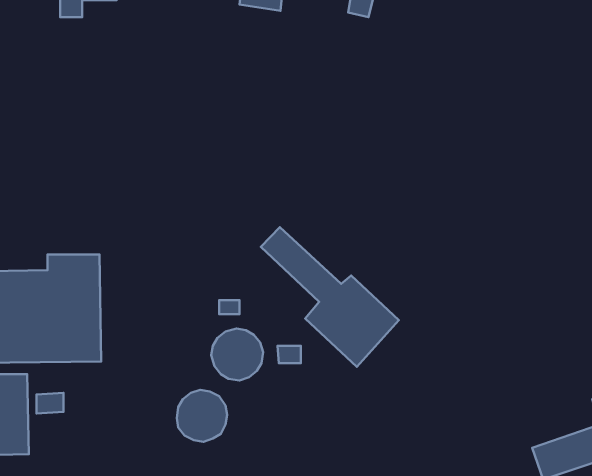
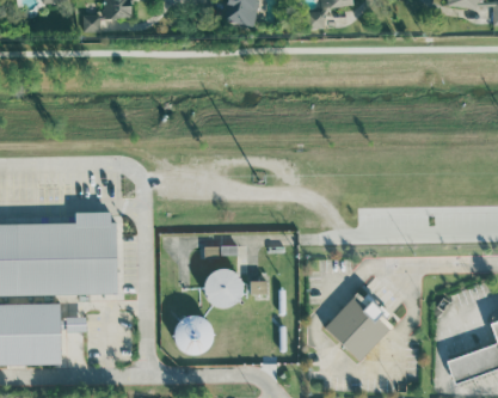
building: [261,227,399,367] -> none
building: none -> [324,292,392,360]

